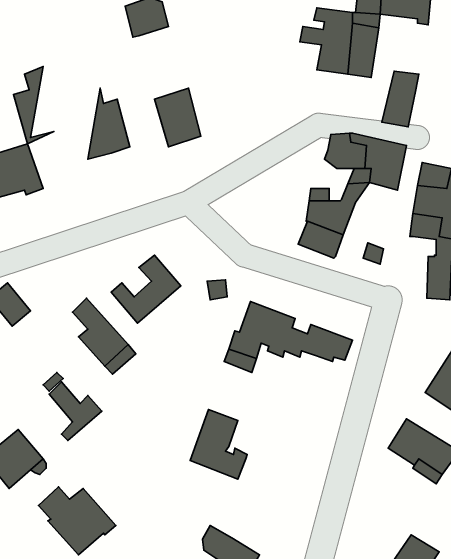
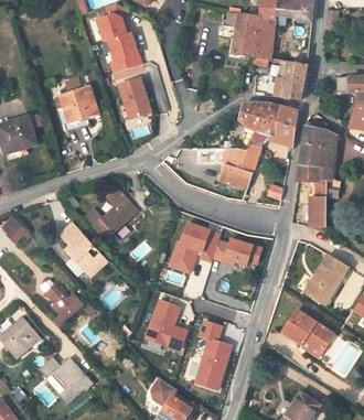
building: none -> [105,26,140,69]
building: [14,67,54,144] -> [56,72,85,127]
building: none -> [190,323,225,391]

